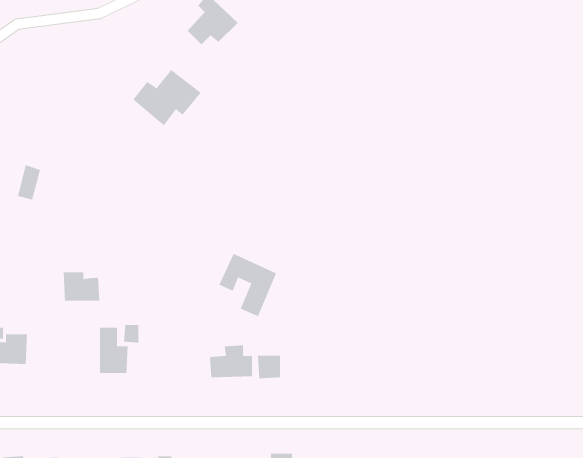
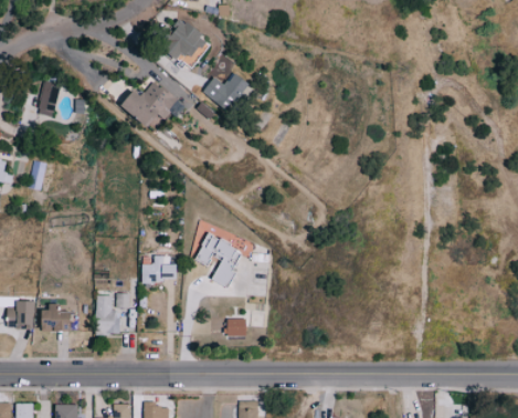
building: none -> [204,73,249,109]
building: none -> [38,81,60,116]
building: [63,272,100,301] -> [41,306,72,331]
building: [209,345,253,378] -> [140,254,177,282]

